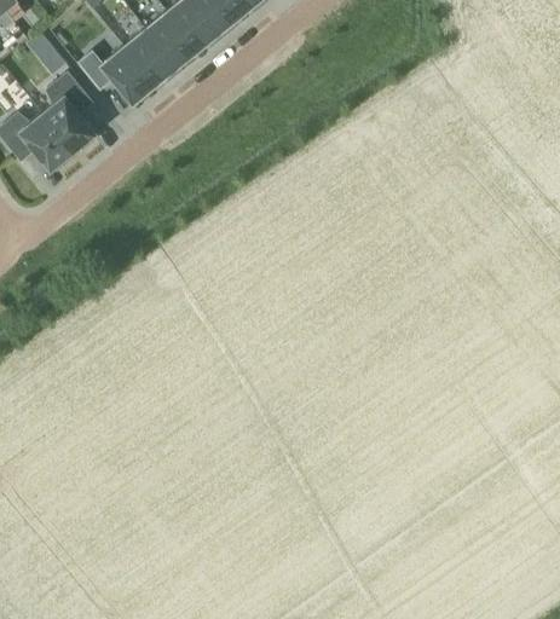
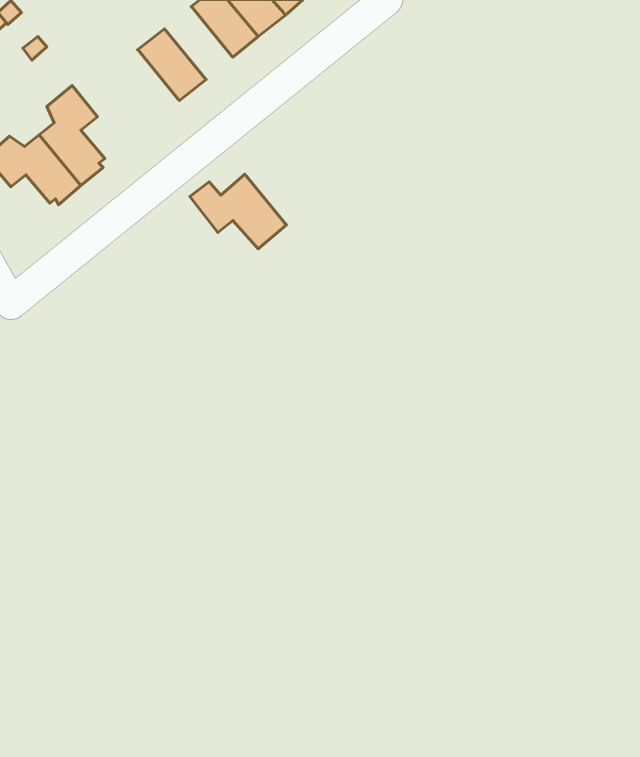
building: [143,8,198,68] -> none
building: [76,44,155,104] -> [190,174,287,249]

